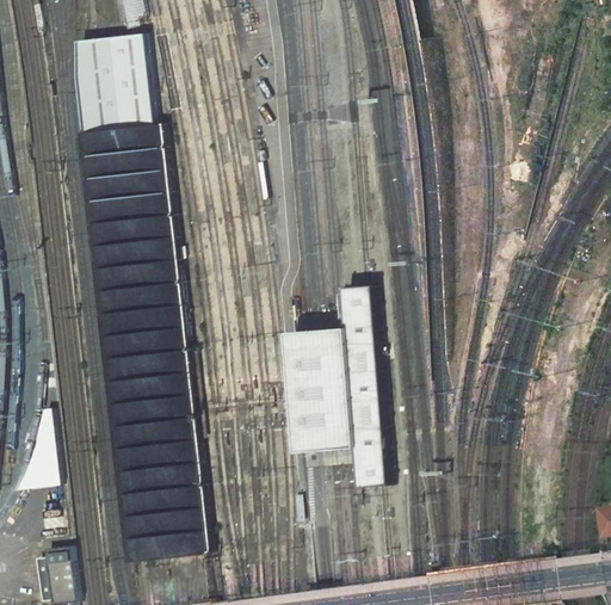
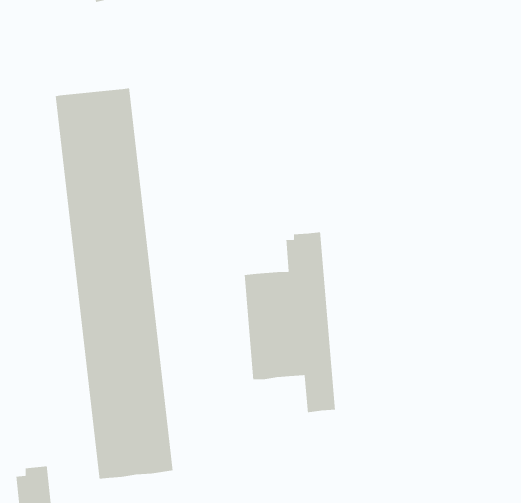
building: [73,32,150,131] -> none

